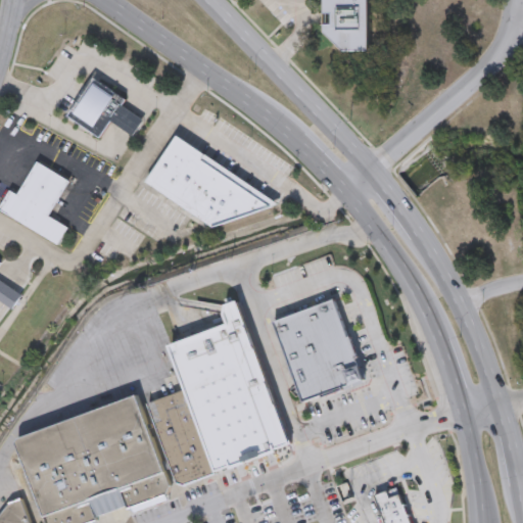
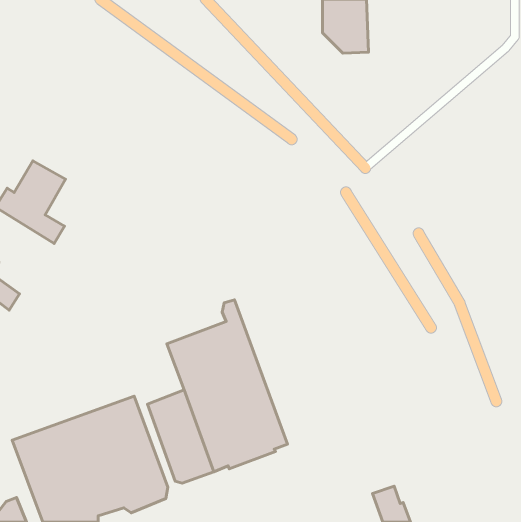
building: [64,75,141,137] -> none
building: [144,136,278,228] -> none
building: [271,298,363,400] -> none

